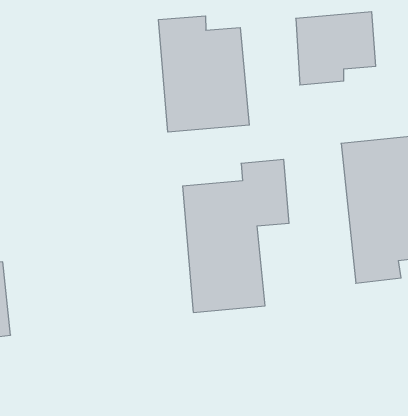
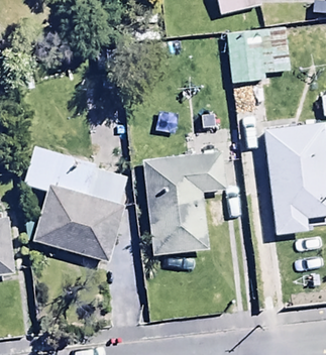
building: [158,16,249,132] -> none
building: none -> [22,145,127,261]

